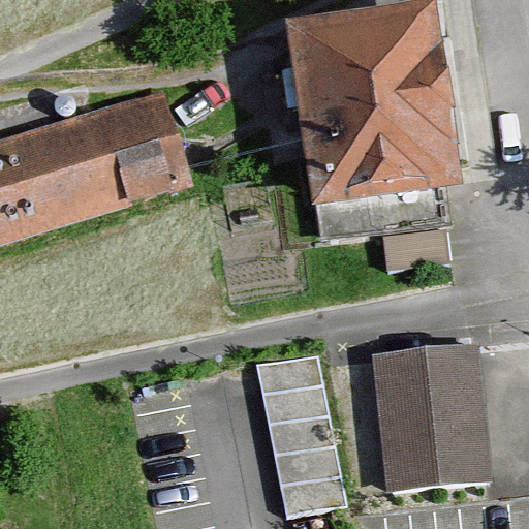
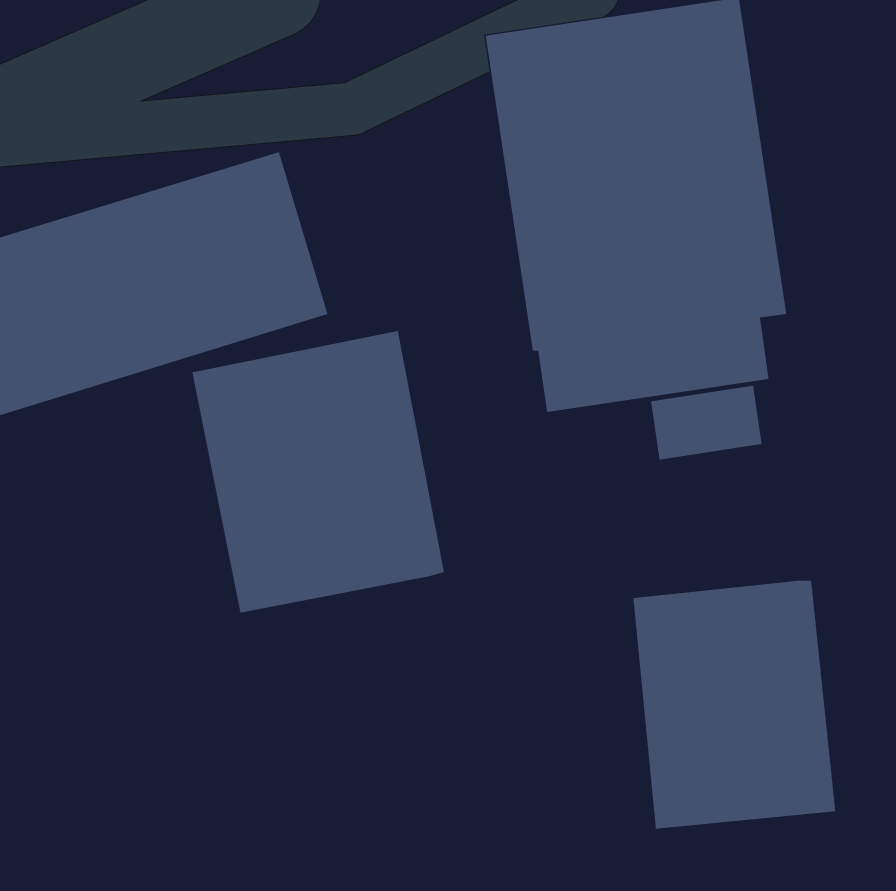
building: none -> [191,330,445,613]
building: [256,352,346,514] -> none

